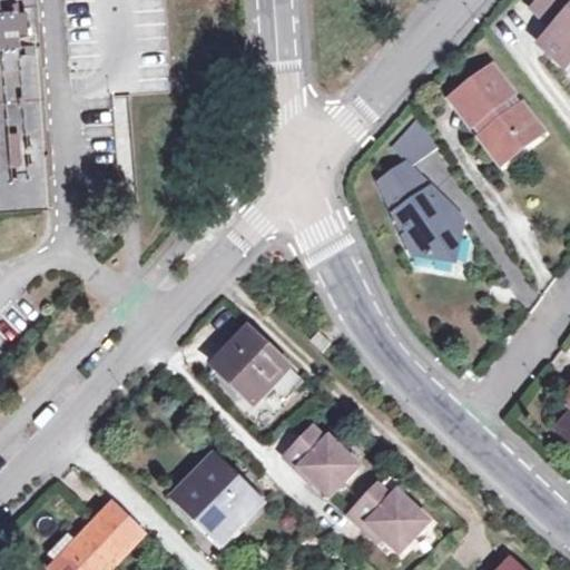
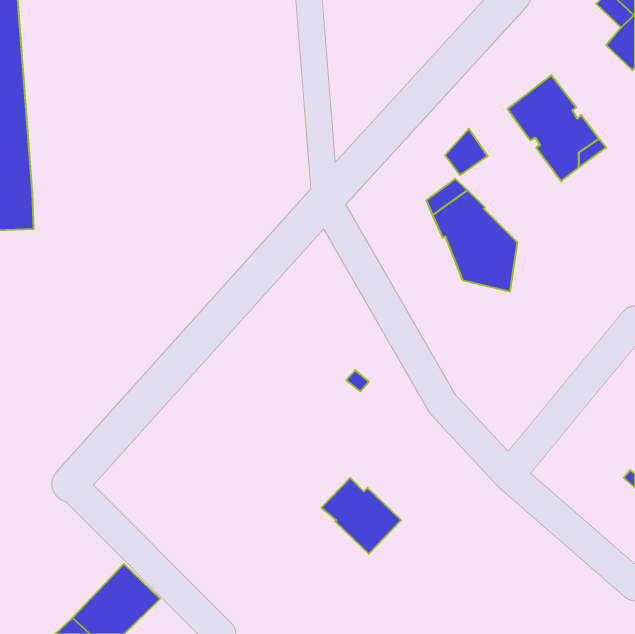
building: [216,327,303,399] -> none
building: [171,453,259,542] -> none
building: [348,482,428,550] -> none

